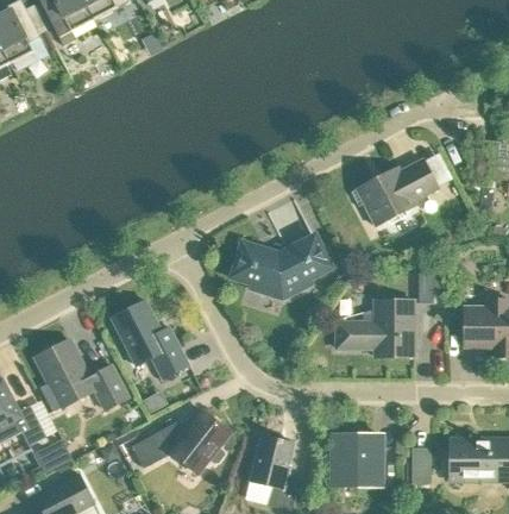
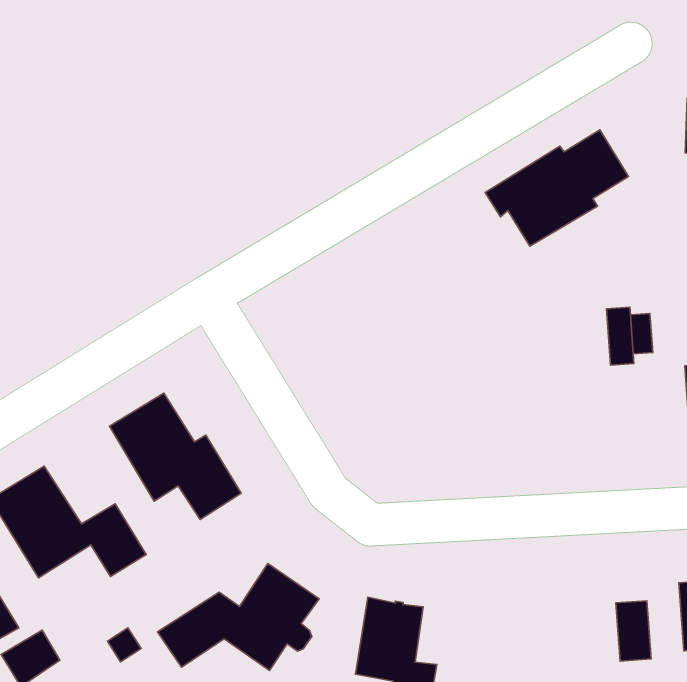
building: [233,237,329,299] -> none
building: [337,300,413,356] -> none
building: [331,433,383,485] -> none

